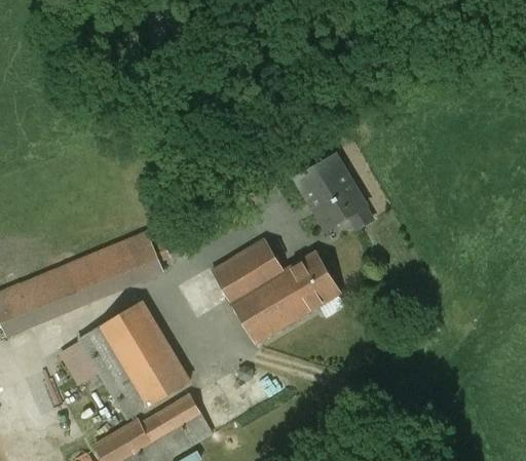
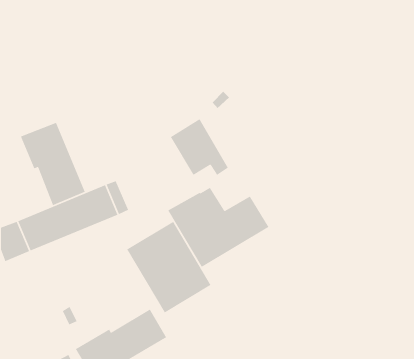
building: [297,155,372,228] -> [170,118,229,176]
building: none -> [20,122,86,206]
building: [81,301,189,418] -> [126,221,212,313]

